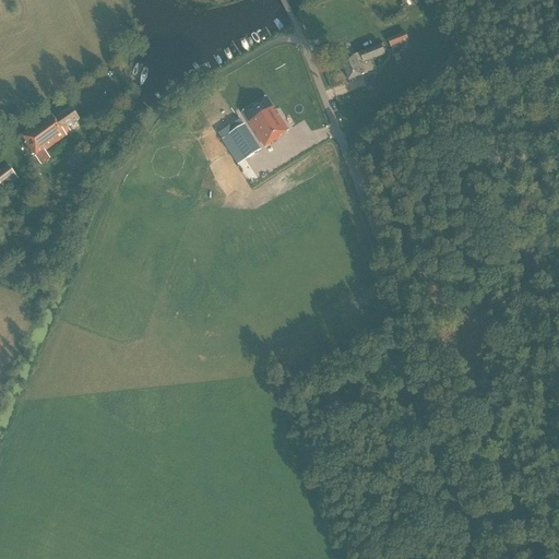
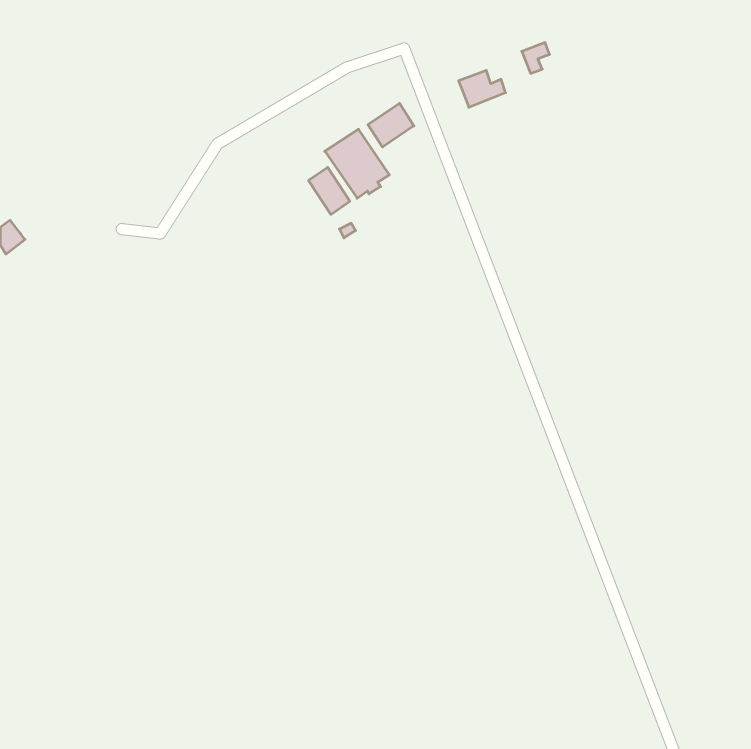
building: none -> [368,103,414,147]
building: [21,108,80,165] -> none

